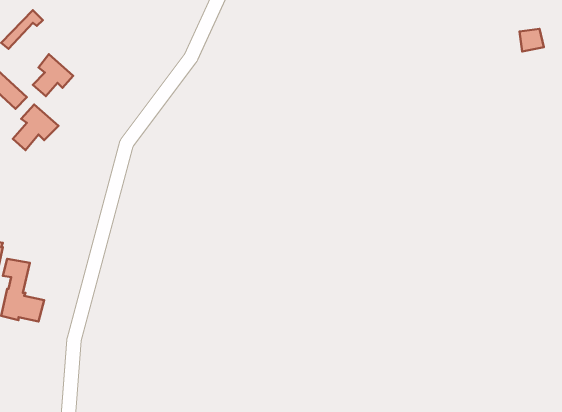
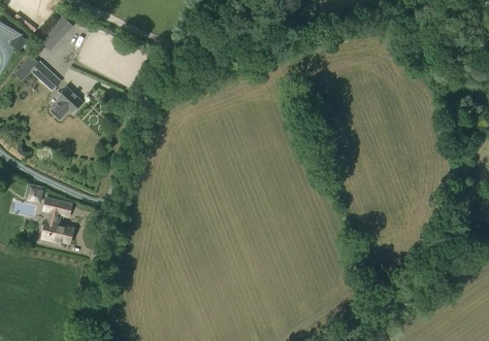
building: [33,54,73,96] -> none

